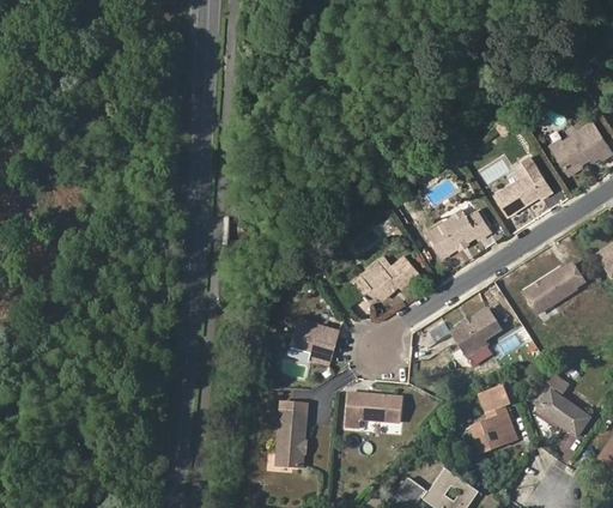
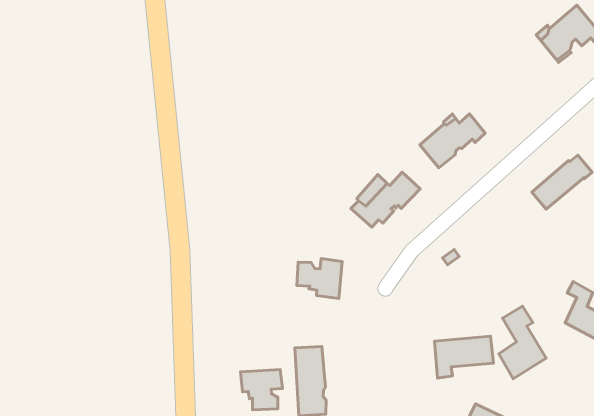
building: [497,155,553,212] -> none
building: [453,306,502,353] -> none
building: [347,389,402,424] -> [434,336,493,378]
building: none -> [240,369,283,410]

